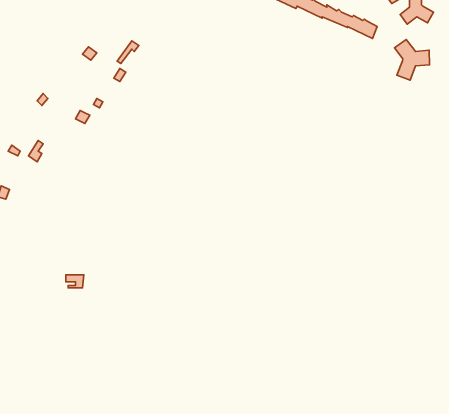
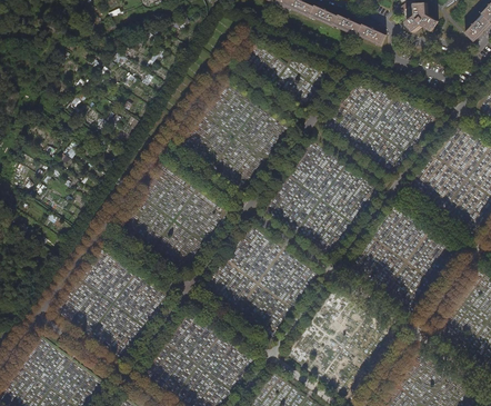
building: [394,39,429,80] -> none

